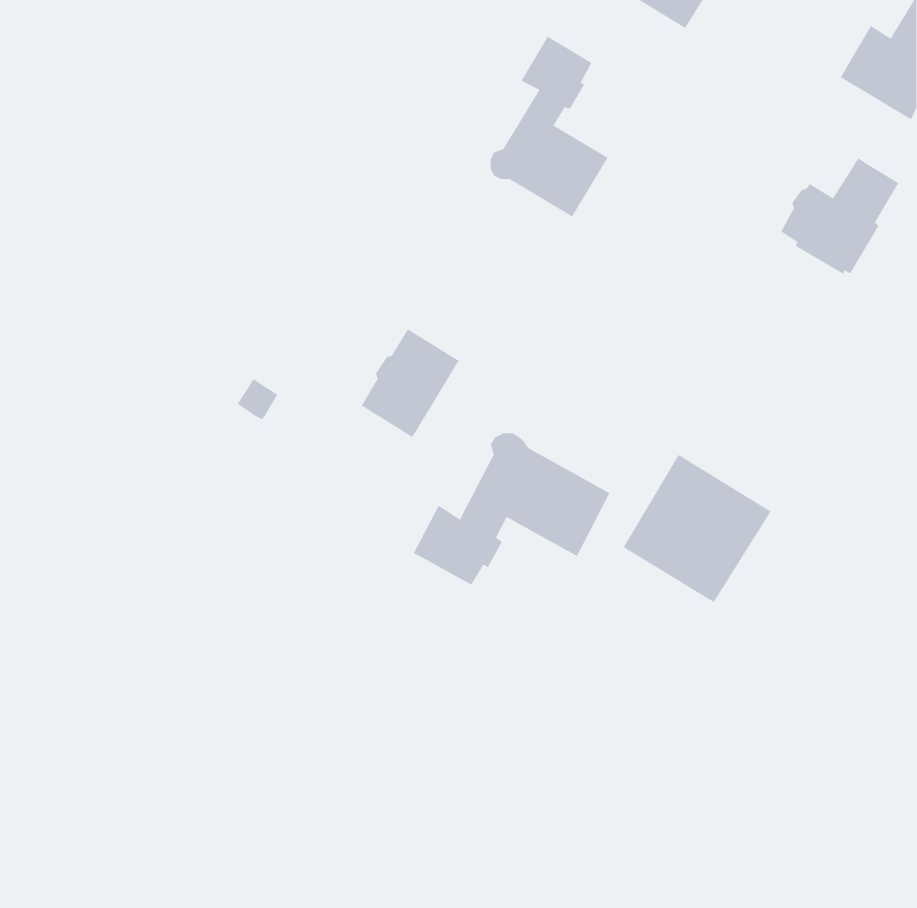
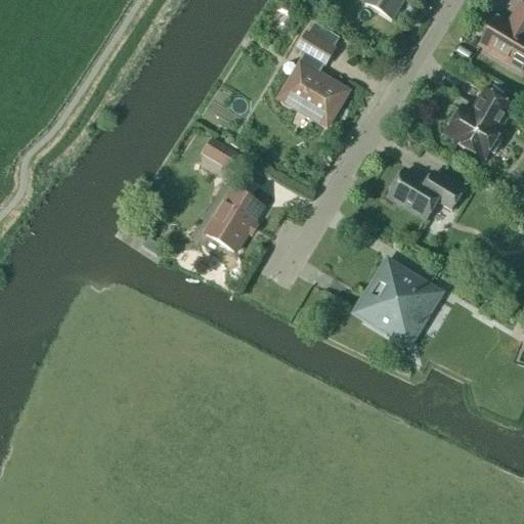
building: none -> [205,137,241,169]
building: none -> [388,168,464,217]
building: [413,433,610,586] -> none

